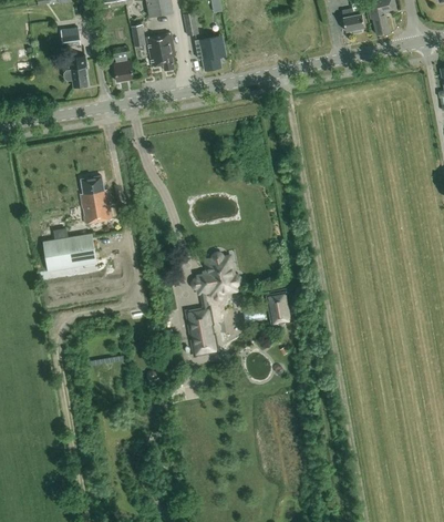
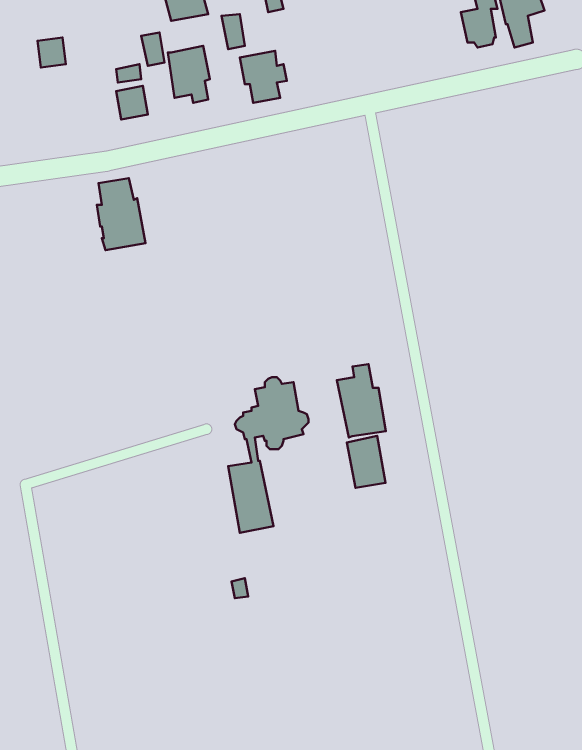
building: [63,54,87,86] -> none
building: [80,175,112,223] -> [97,178,146,250]
building: [43,228,96,270] -> none
building: none -> [337,364,386,438]

